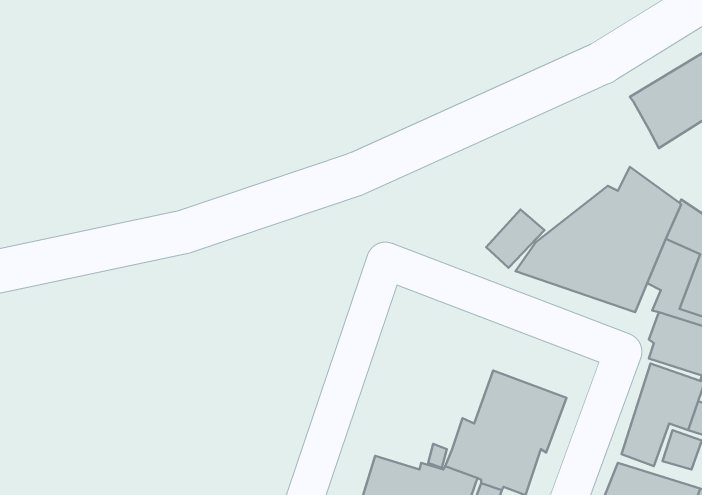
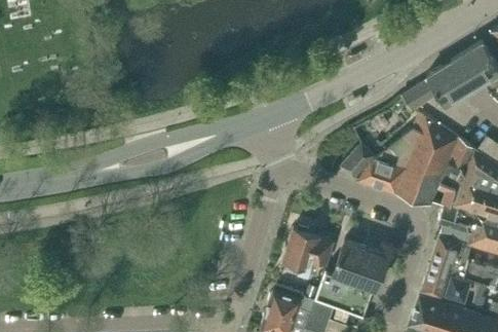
building: none -> [404,80,439,113]
building: none -> [284,226,335,278]

